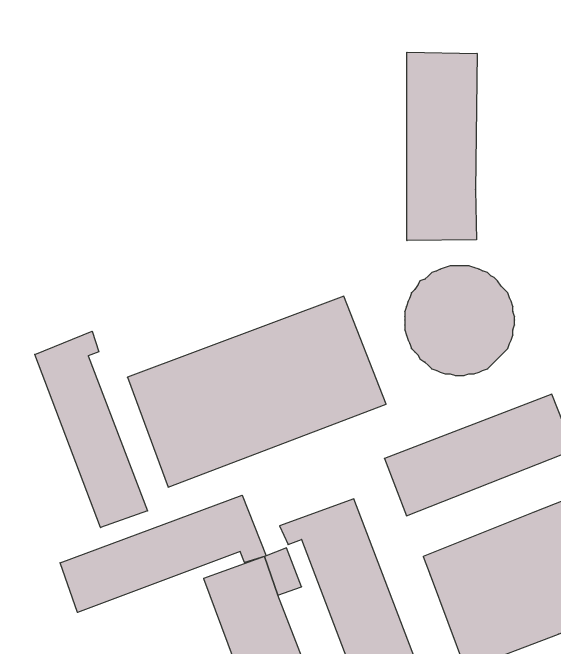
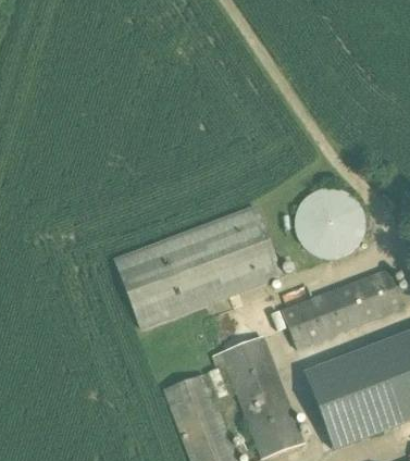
building: [407,52,477,241] -> none
building: [35,331,148,528] -> none
building: [60,495,266,612] -> none

